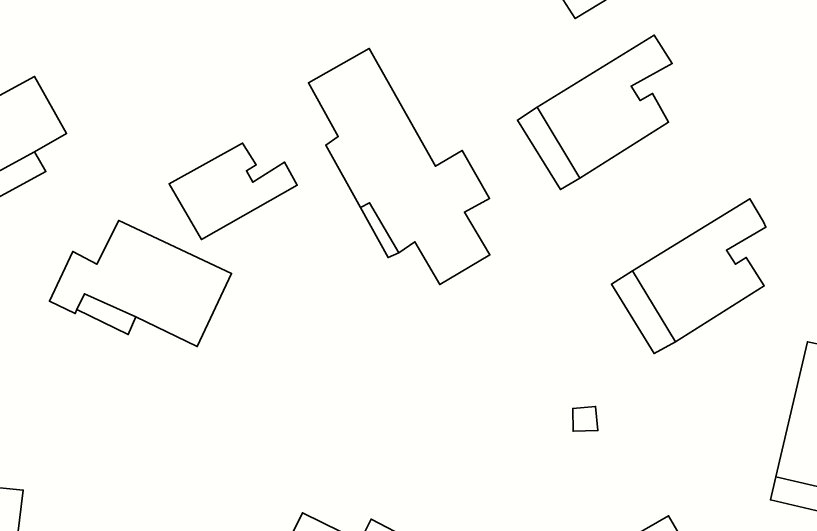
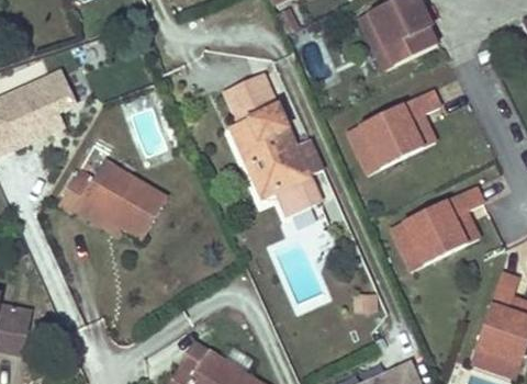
building: [169,143,297,240] -> none

